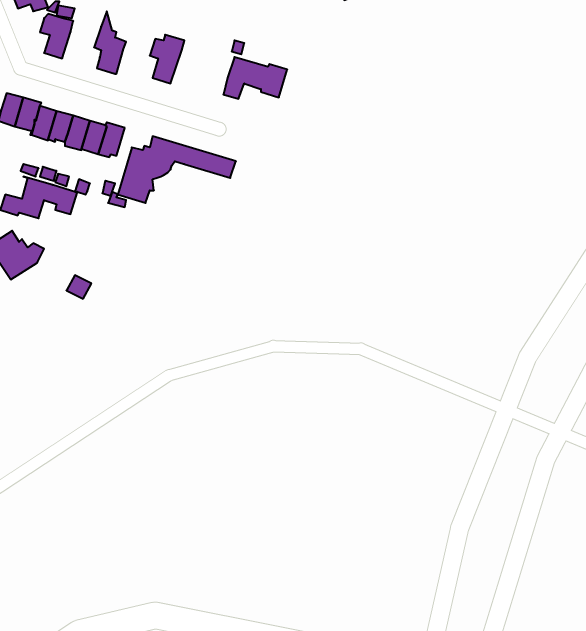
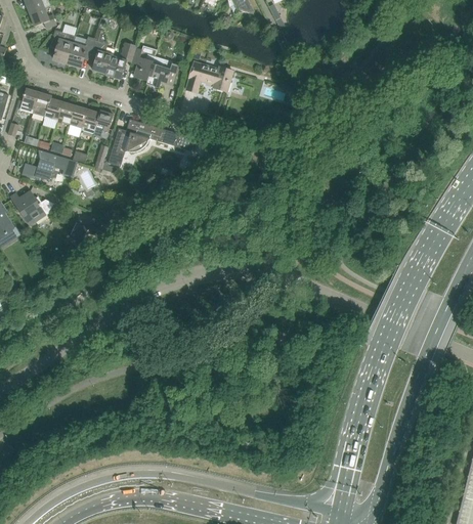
building: none -> [67,37,95,67]
building: none -> [105,42,136,79]
building: none -> [145,56,178,87]

